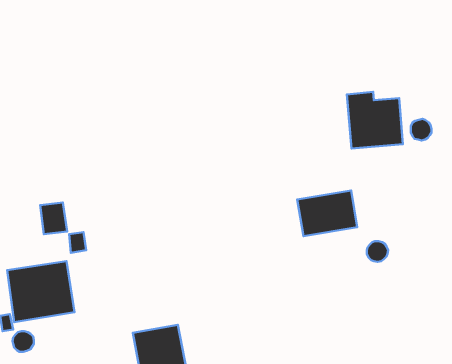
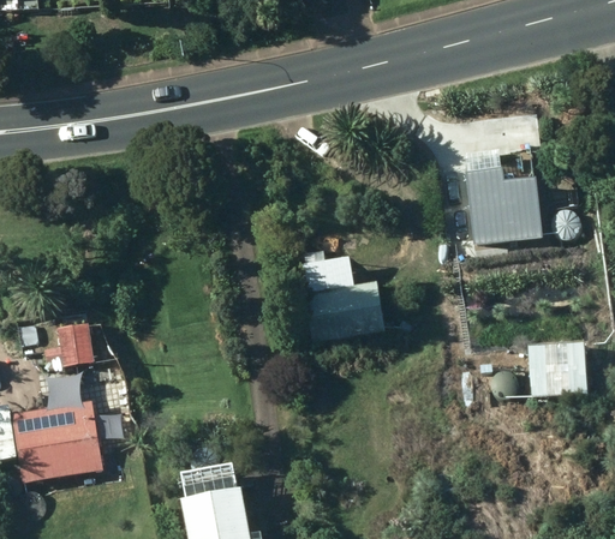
building: [297,190,357,236] -> [304,277,384,339]
building: none -> [529,342,590,399]

